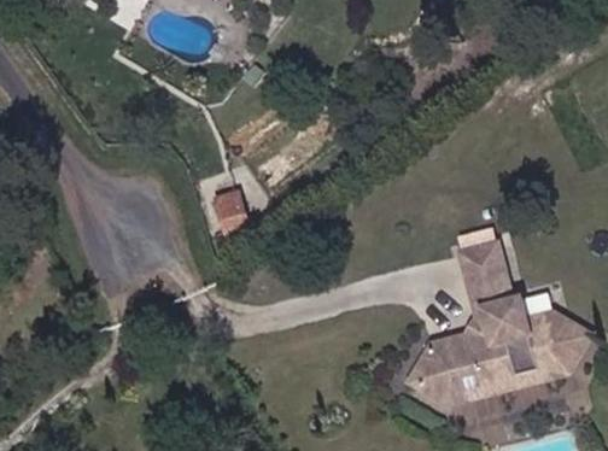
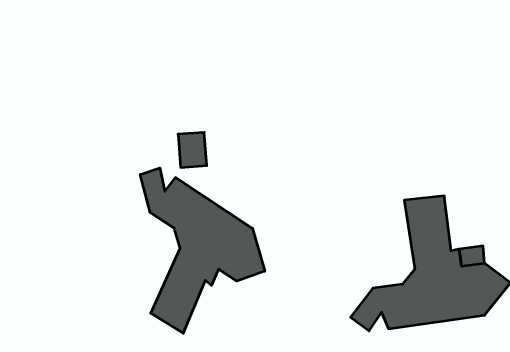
building: none -> [140,168,265,333]

